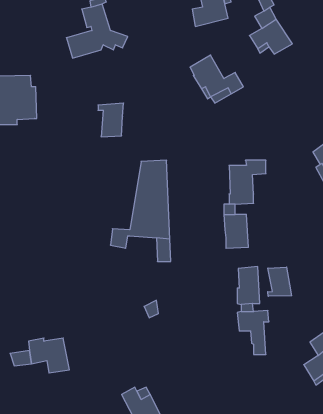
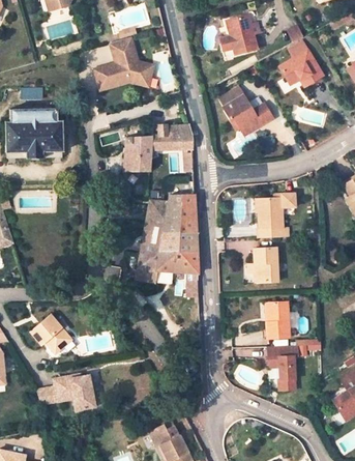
building: none -> [150,124,191,149]
building: none -> [140,200,168,264]
building: [268,267,292,296] -> none
building: none -> [31,315,73,353]

